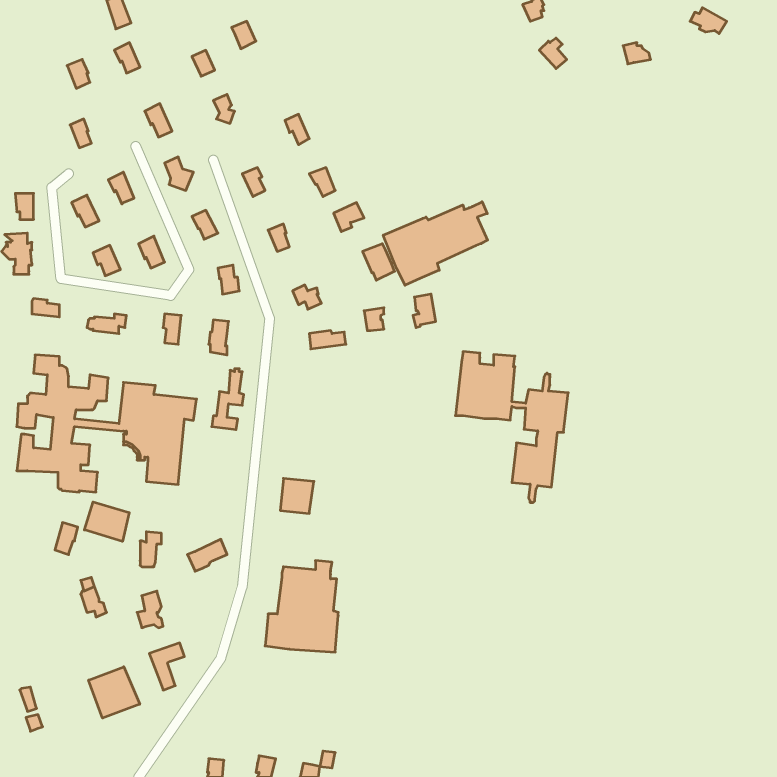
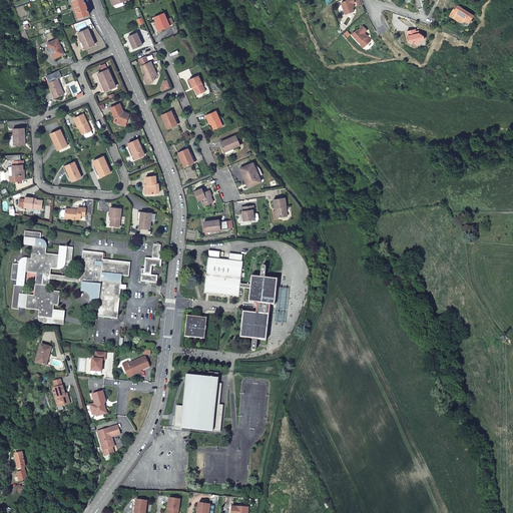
building: [383,202,488,285] -> none
building: [455,352,568,502] -> [203,250,278,350]
building: [84,502,129,541] -> none
building: [89,667,140,718] -> none

